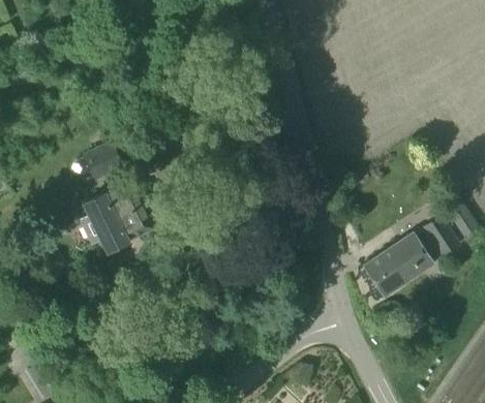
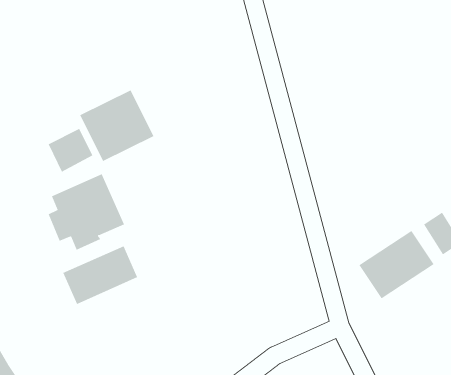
building: none -> [80,89,154,162]
building: none -> [63,245,138,305]

